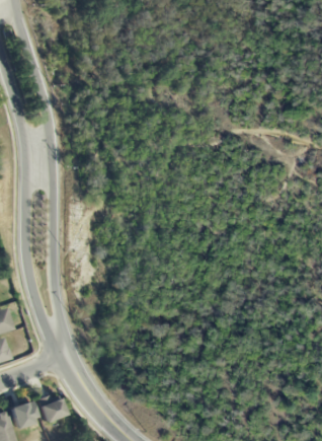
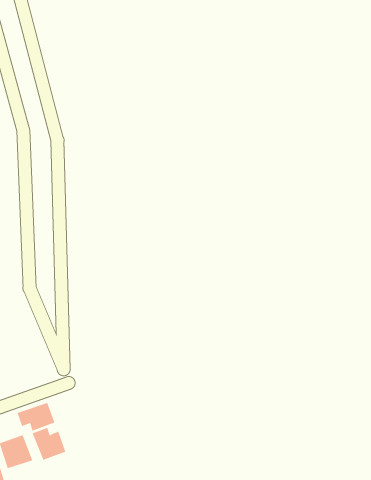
building: none -> [17,402,55,432]

